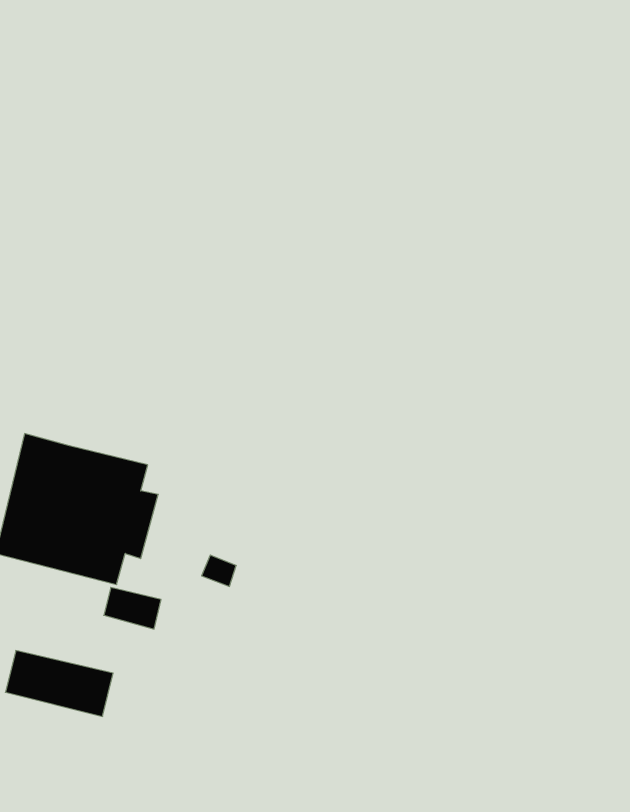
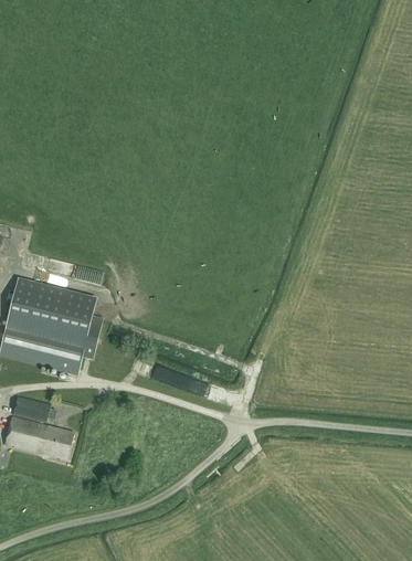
building: [104,587,161,629] -> [13,395,50,422]

